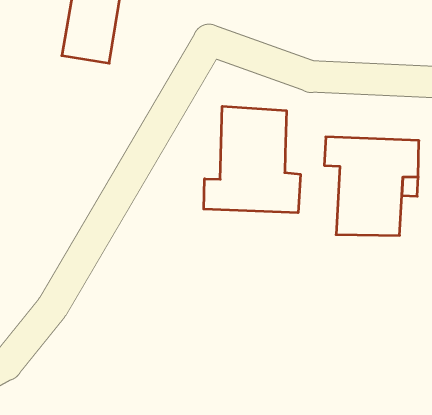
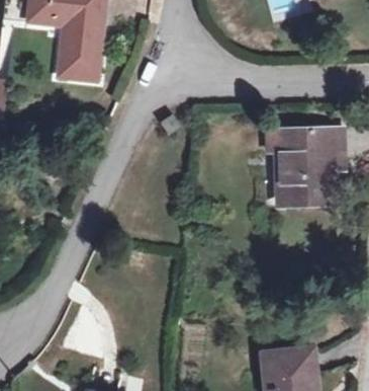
building: [204,106,300,213] -> none

